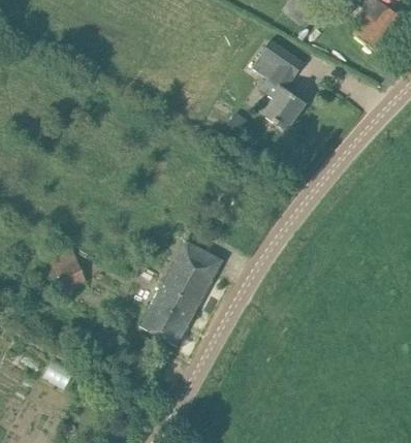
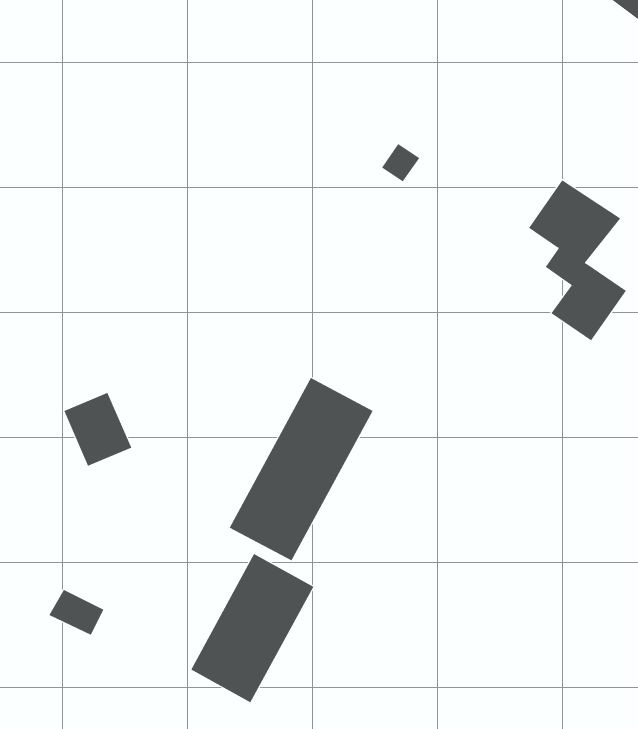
building: [251,40,306,130] -> [528,179,627,341]
building: none -> [191,553,314,703]

